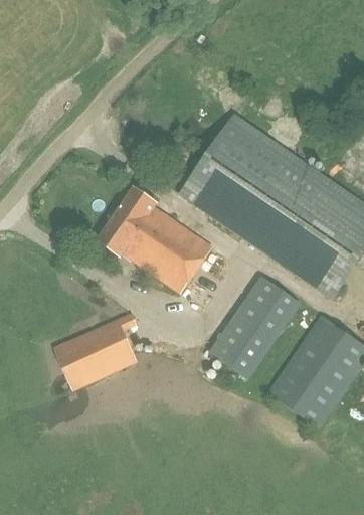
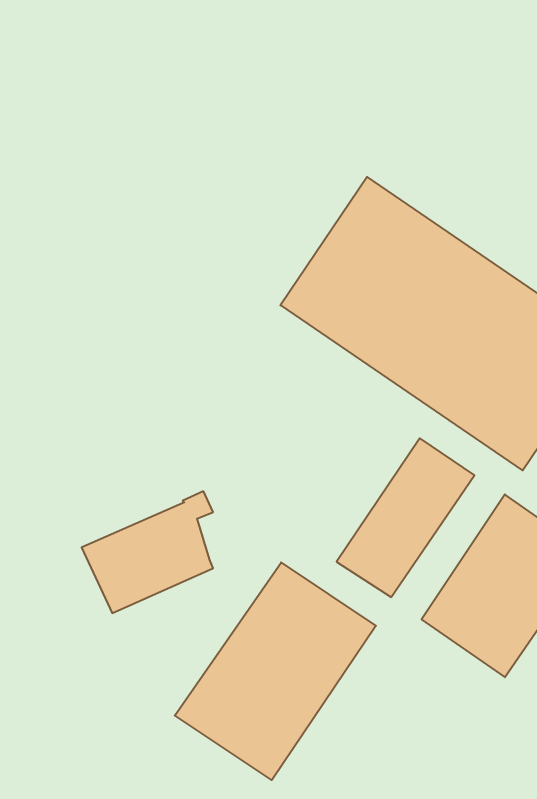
building: [97,187,211,292] -> none
building: none -> [175,562,376,780]

